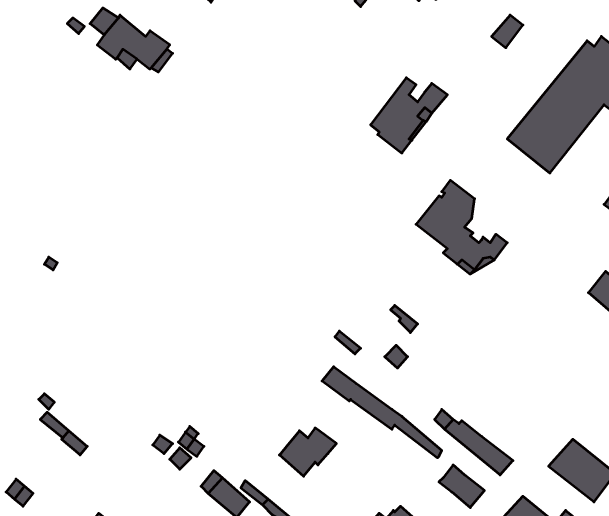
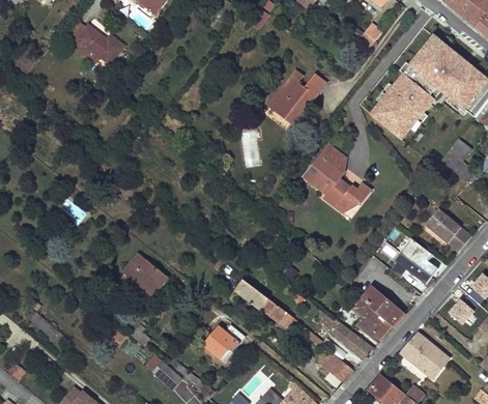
building: none -> [391,238,437,285]
building: none -> [123,254,167,295]
building: none -> [353,287,404,343]

